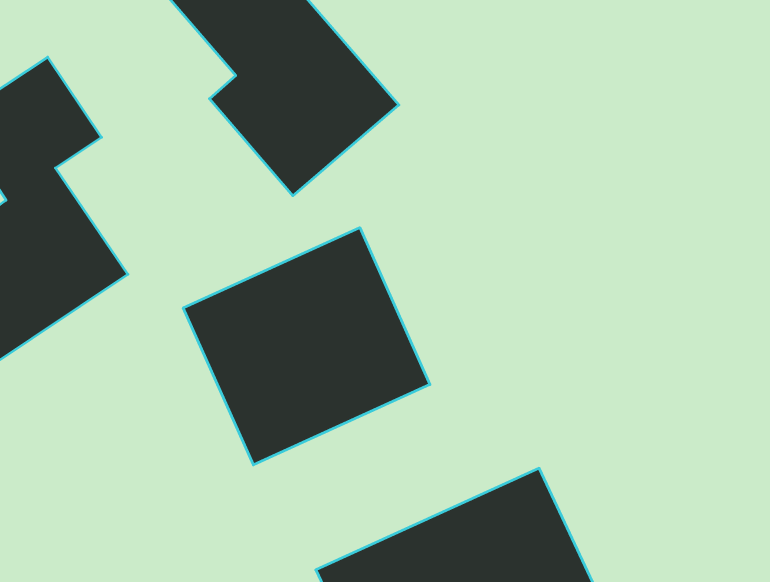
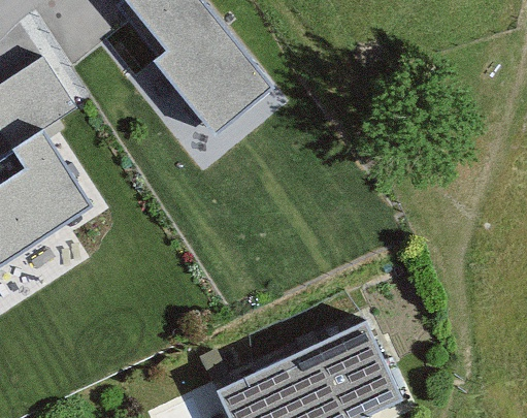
building: [183,228,430,465] -> none

